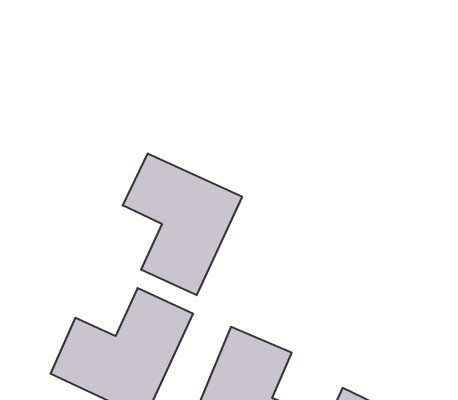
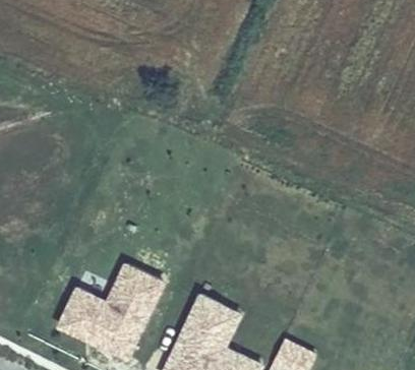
building: [123,153,242,295] -> none

